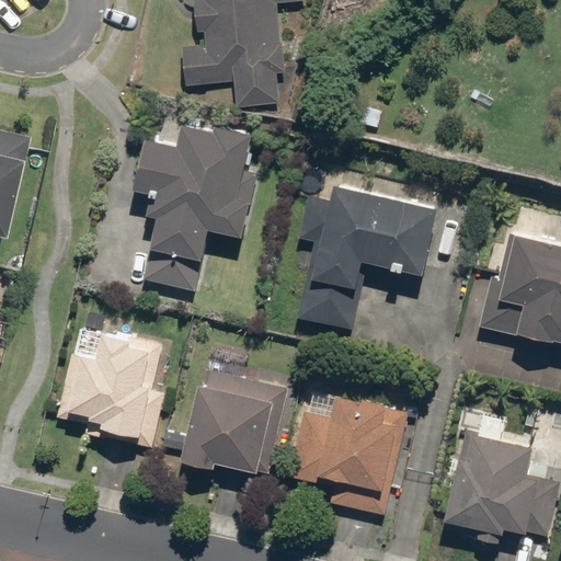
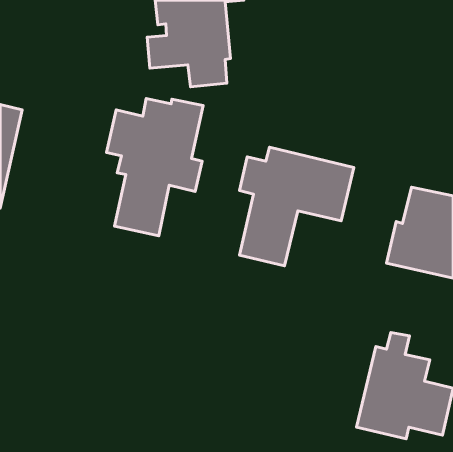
building: [55,325,165,449] -> none
building: [179,347,289,477] -> none
building: [288,388,408,515] -> none

